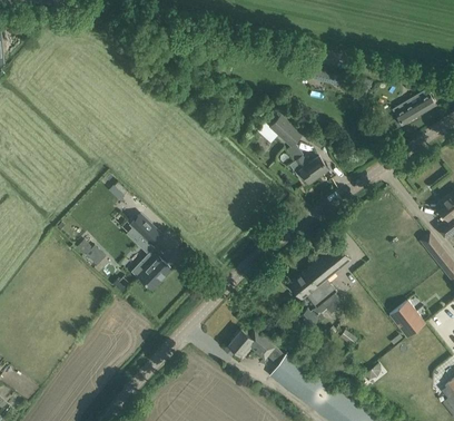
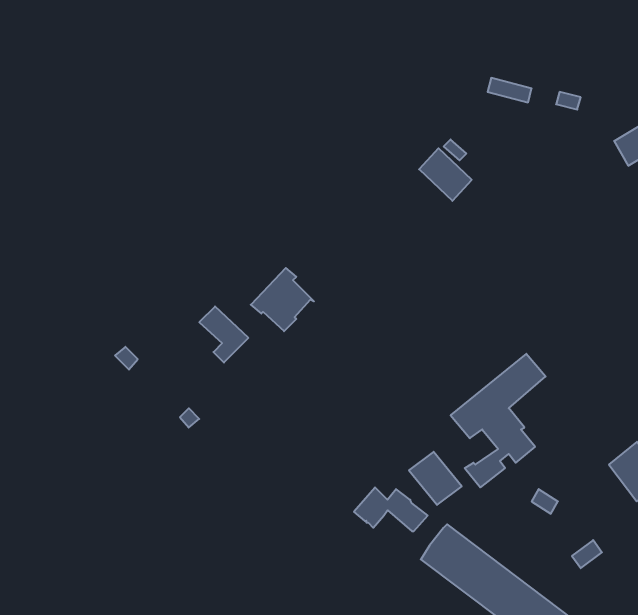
building: [289,157,327,183] -> none
building: [130,248,170,288] -> [251,268,314,331]
building: none -> [409,452,462,505]

